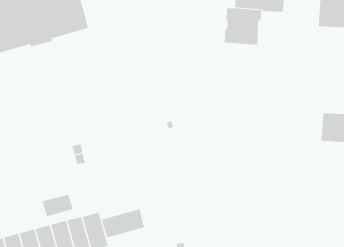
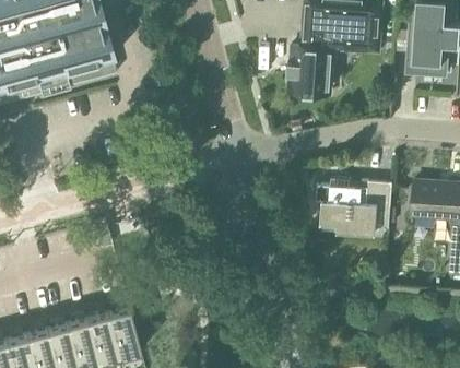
building: none -> [316,179,392,235]
building: [42,194,73,217] -> none
building: [101,209,145,238] -> none

